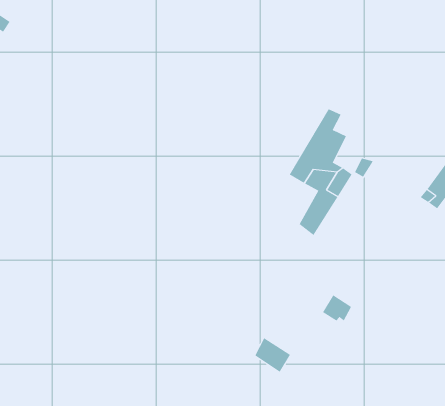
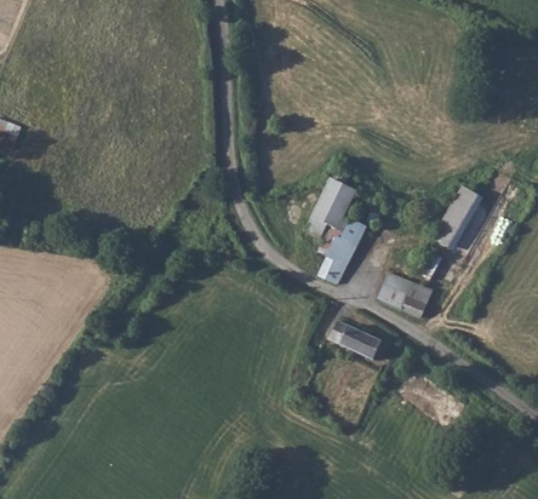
building: none -> [382,275,433,320]
building: [255,338,291,373] -> [333,323,367,354]

